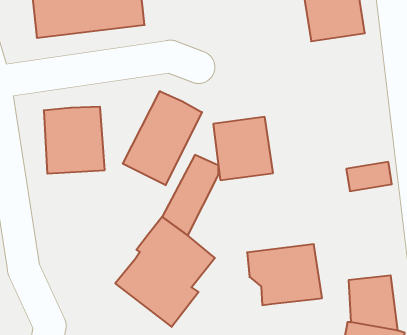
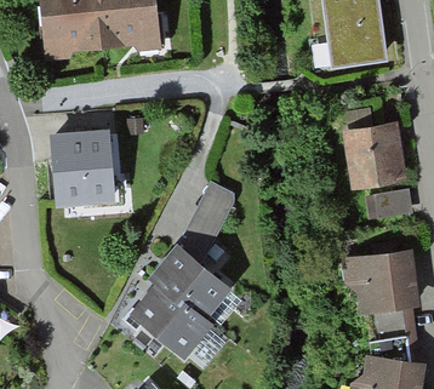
building: [123,91,202,185] -> none
building: [213,117,273,180] -> [344,124,406,189]
building: [247,244,322,305] -> [343,250,421,313]

